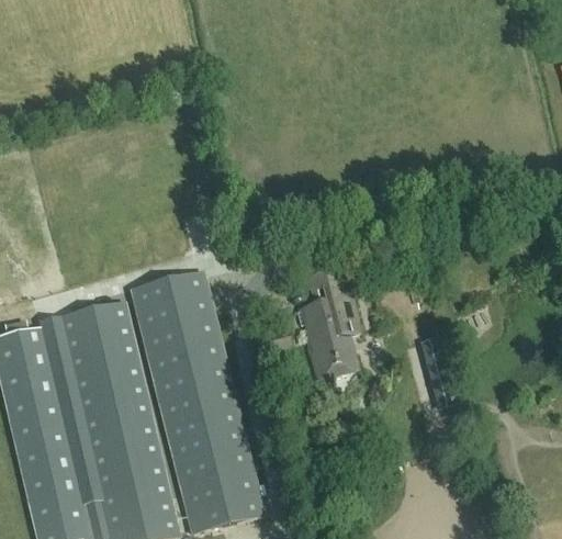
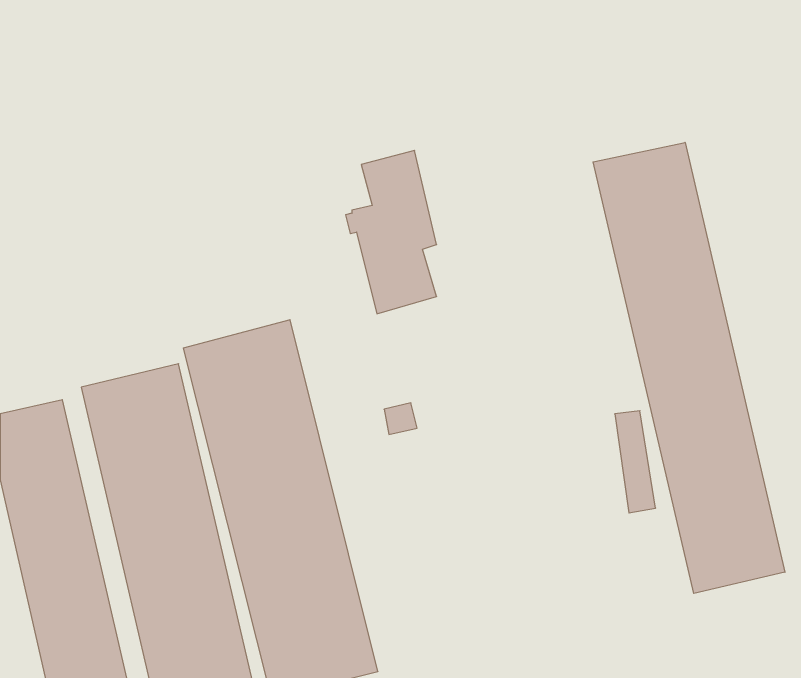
building: none -> [593,142,785,593]
building: [296,265,360,379] -> [346,150,437,314]

